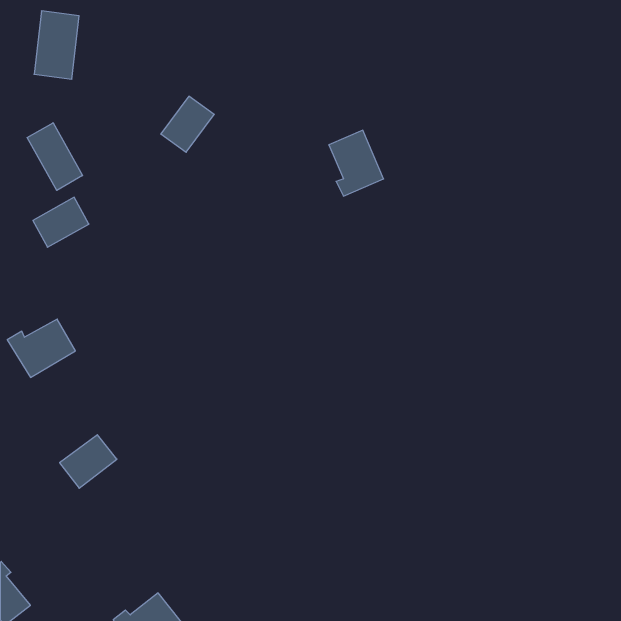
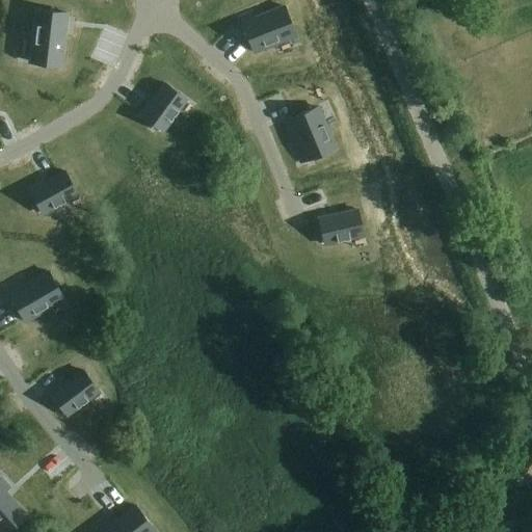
building: none -> [241,8,297,54]
building: [27,123,83,190] -> none
building: none -> [317,212,362,247]

